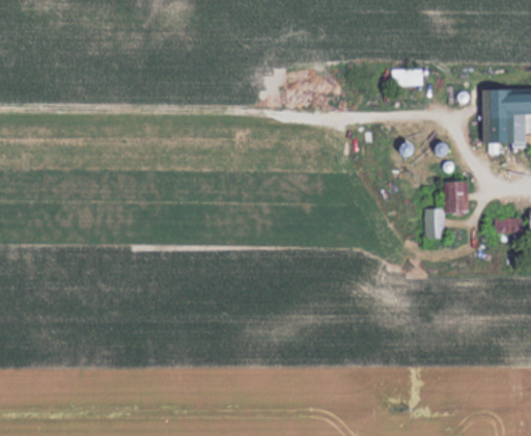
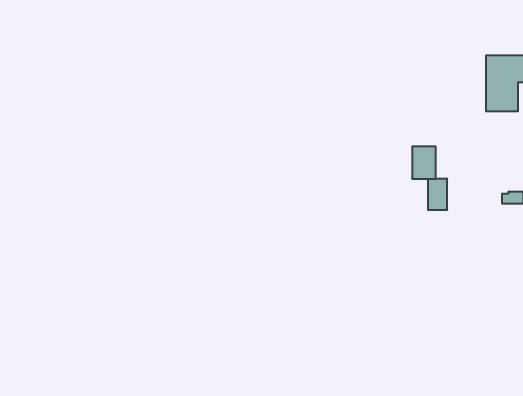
building: [393,71,421,85] -> none
building: [446,182,469,213] -> [412,147,436,179]

